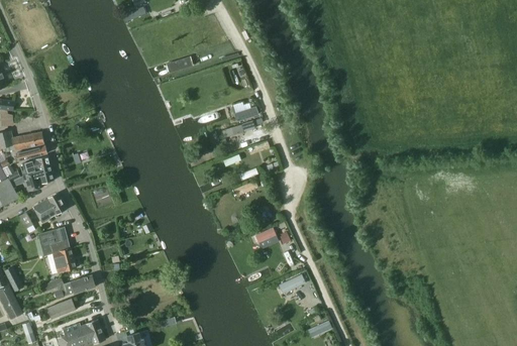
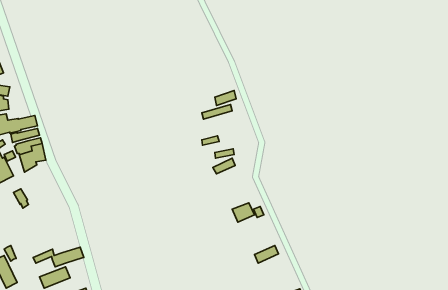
building: [32,193,65,222] -> none
building: [36,227,75,273] -> none

